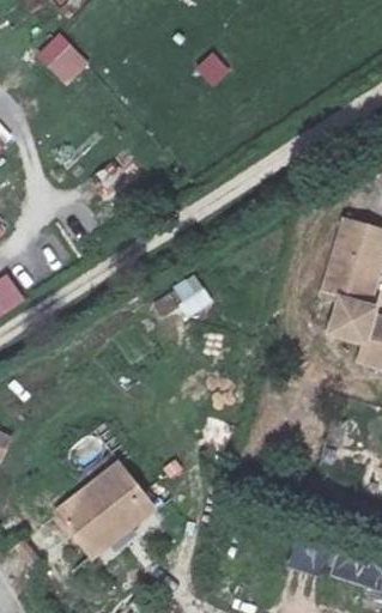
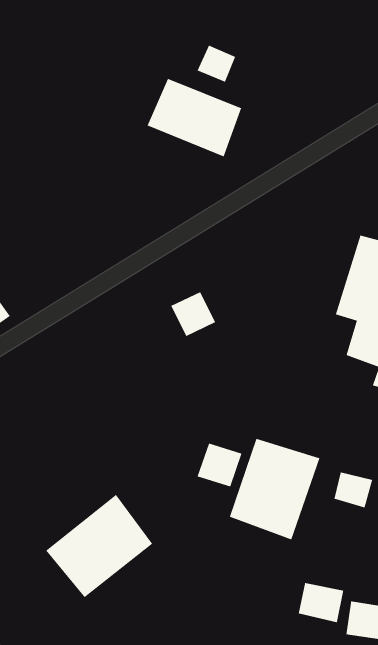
building: [35,30,90,85] -> none
building: none -> [146,78,242,157]
building: none -> [229,438,321,540]

